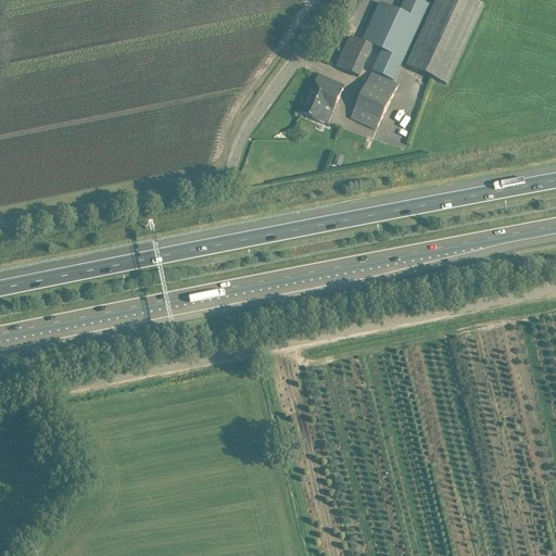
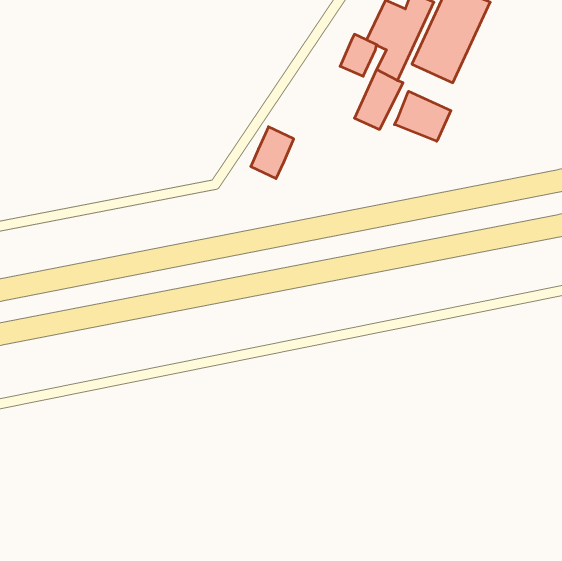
building: [300,72,342,123] -> [251,127,294,179]
building: none -> [394,91,451,141]

